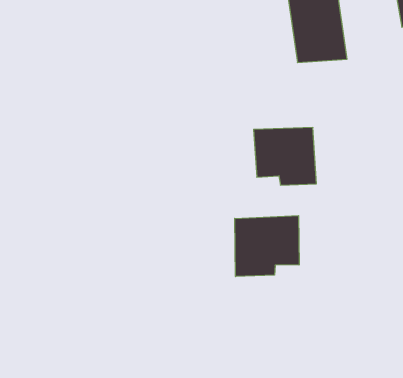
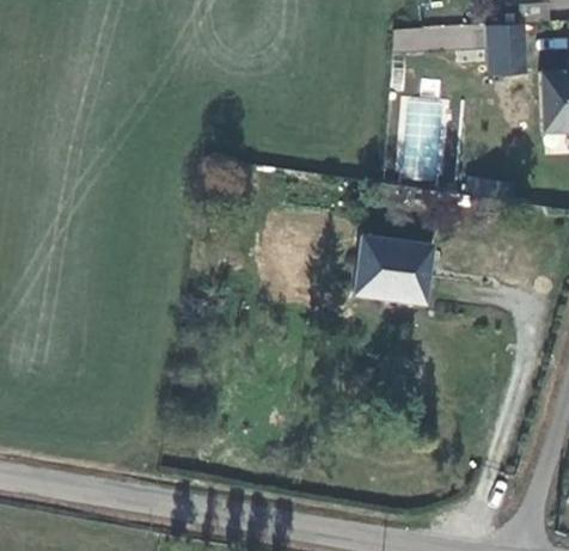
building: [235,216,299,277] -> none

